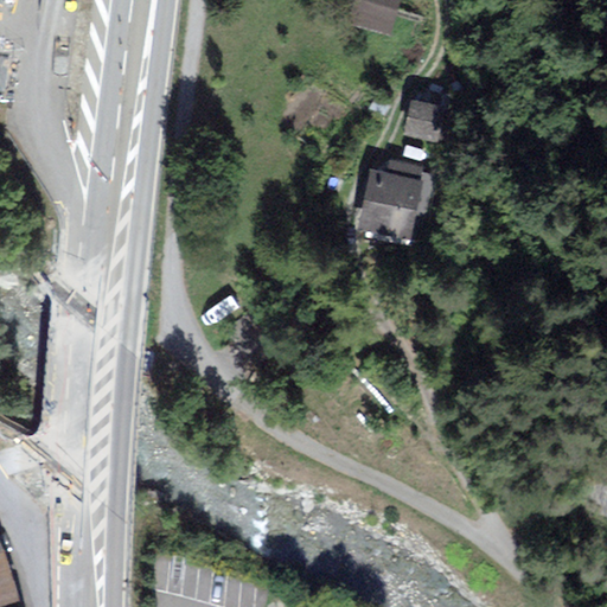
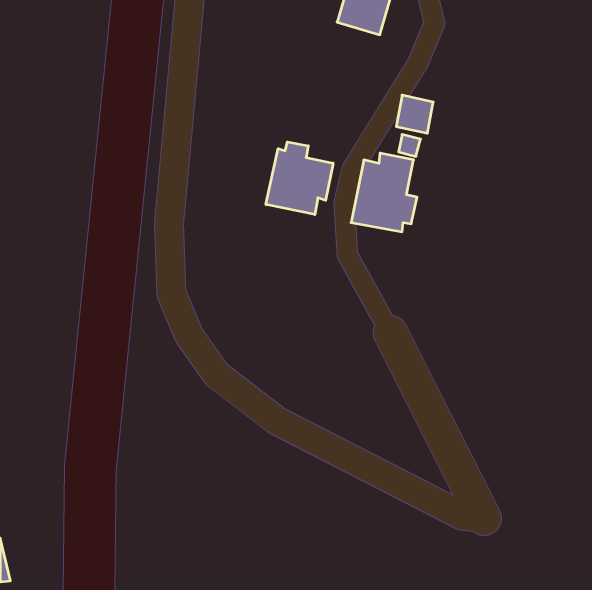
building: none -> [266,142,333,215]

